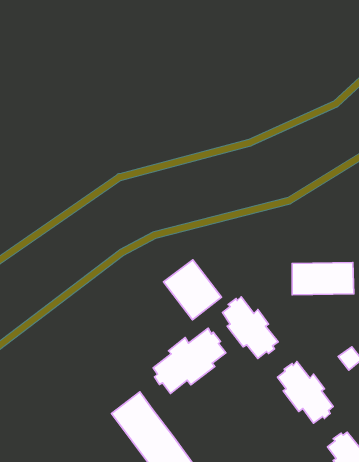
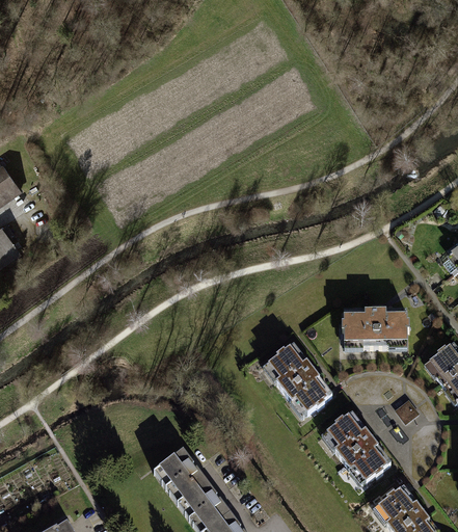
building: [163,260,222,320] -> none
building: [153,328,226,393] -> none

